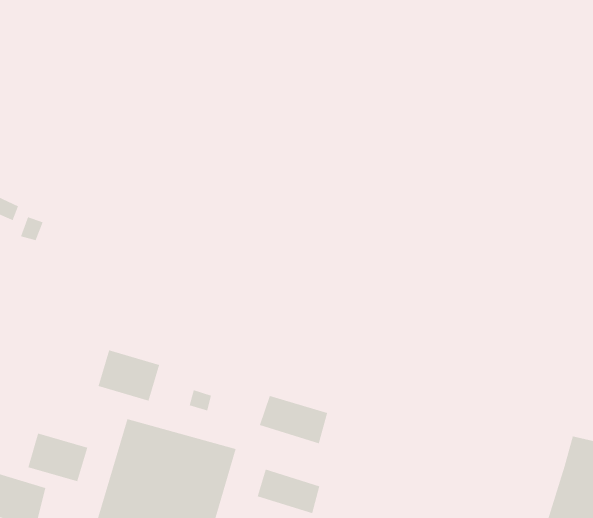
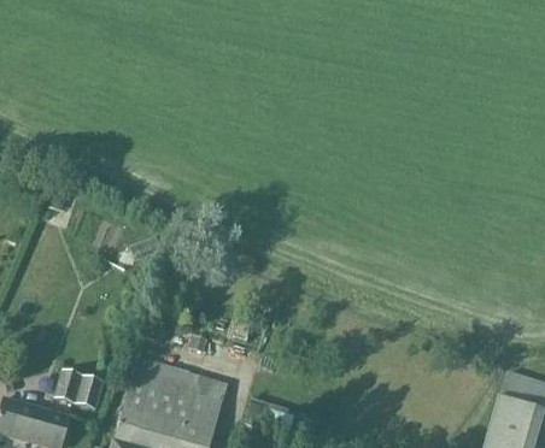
building: [98,349,160,402] -> none
building: [259,395,328,444] -> none

